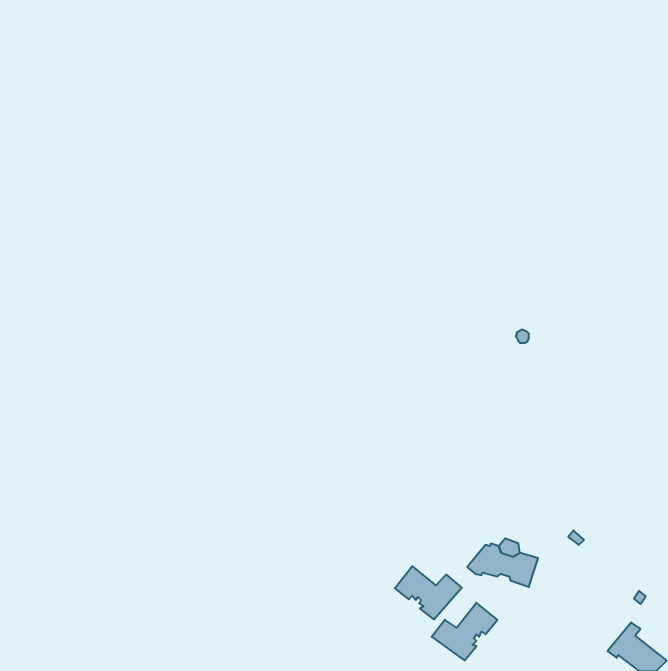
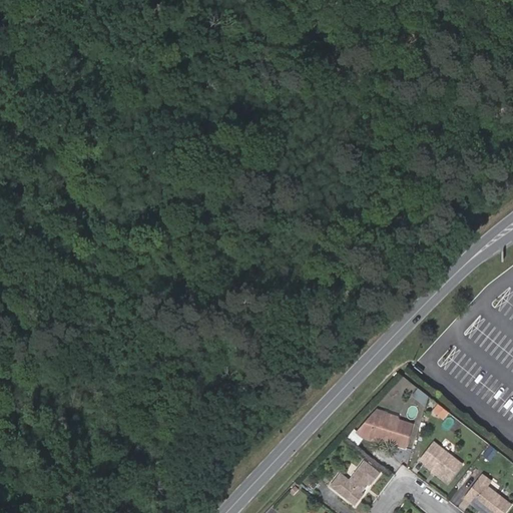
building: [395,566,462,619] -> none
building: none -> [420,443,461,481]

